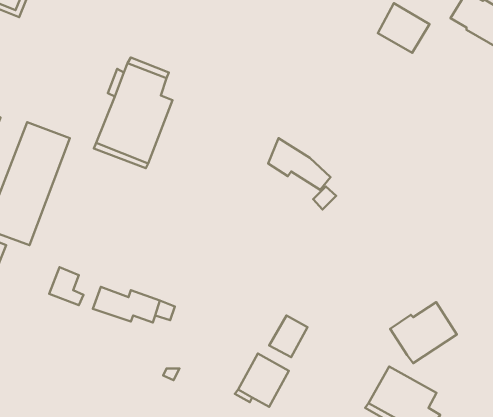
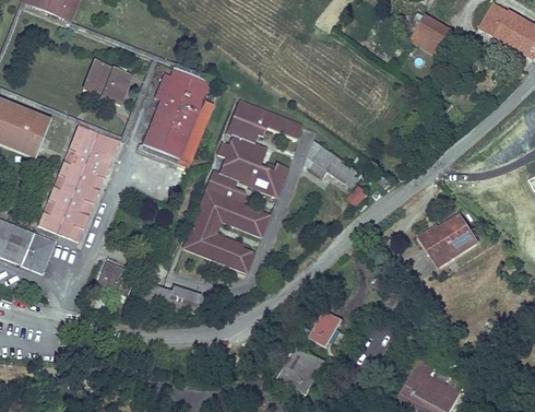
building: none -> [82,60,132,105]
building: none -> [186,101,300,272]
building: [390,302,457,363] -> [416,211,479,269]

